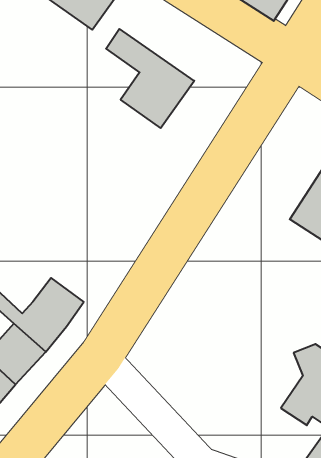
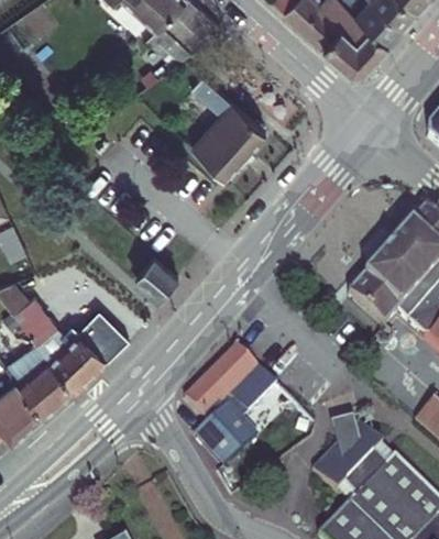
building: none -> [134,257,178,301]
building: none -> [190,351,276,473]

